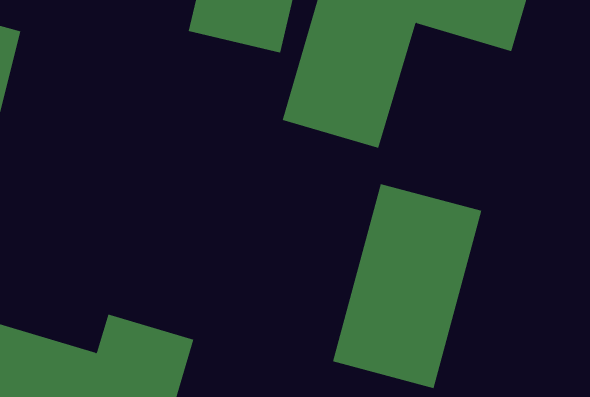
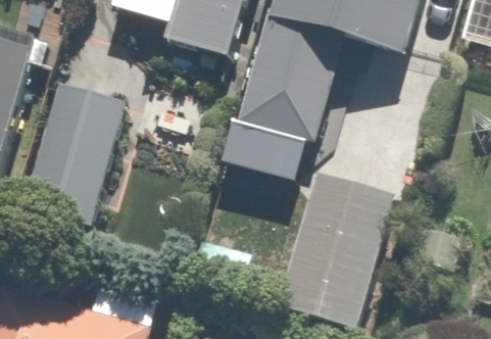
building: none -> [19,81,125,227]

